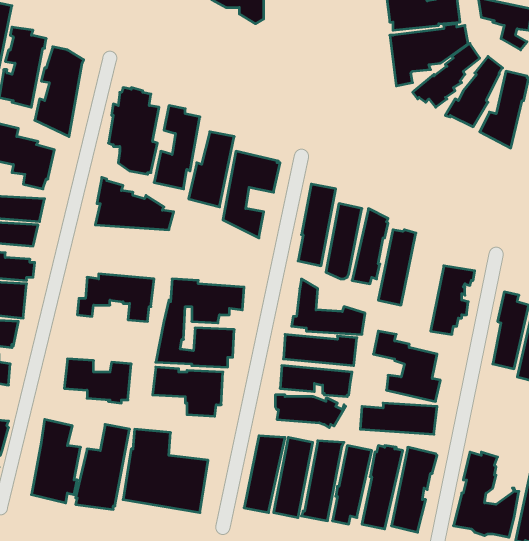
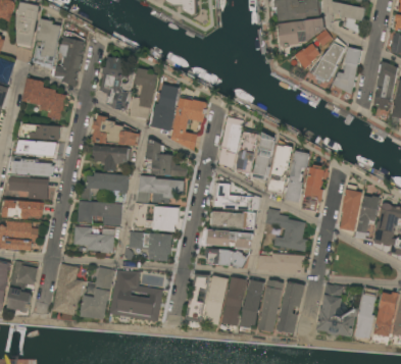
building: none -> [146,139,187,176]
building: none -> [93,145,129,170]
building: none -> [285,150,309,202]
building: none -> [78,201,121,225]

